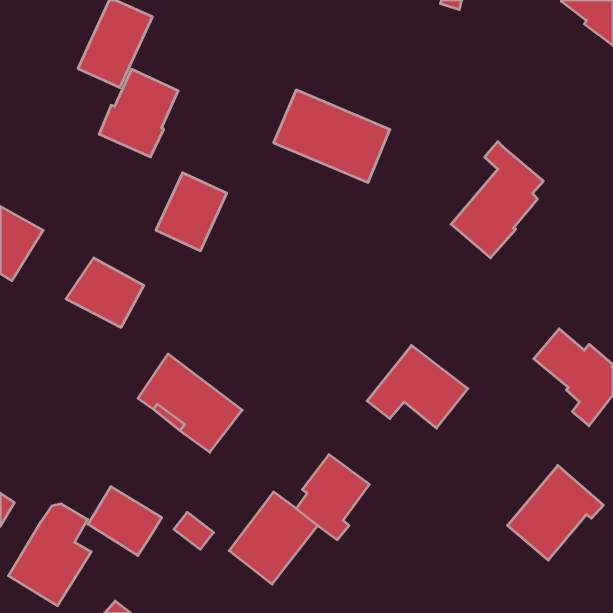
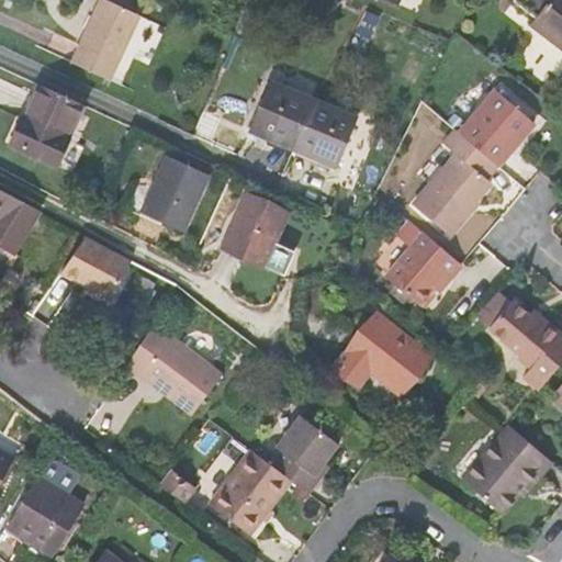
building: [99,69,178,157] -> [10,85,82,165]
building: none -> [460,91,533,166]
building: none -> [223,194,288,266]
building: none -> [385,221,461,305]
building: [88,487,162,556] -> none

